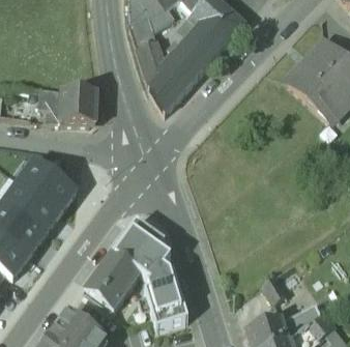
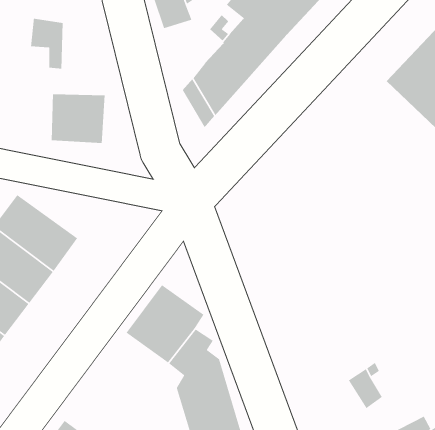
building: [137,38,165,86] -> none
building: [38,85,61,120] -> [30,18,64,70]
building: [85,251,140,307] -> none

